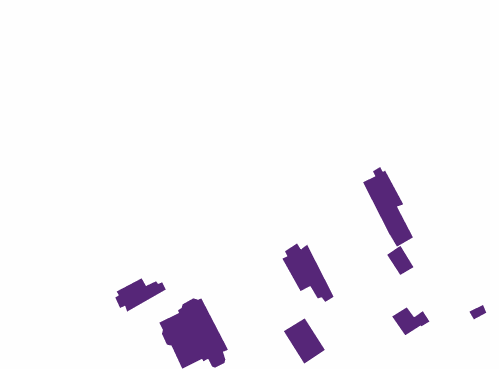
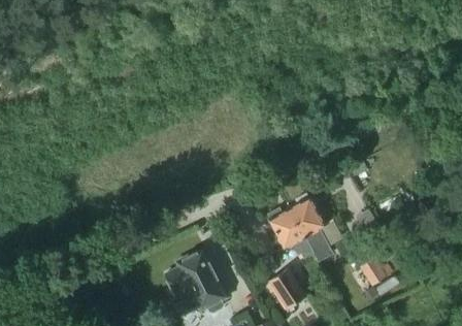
building: [362,166,414,247] -> [291,194,334,262]
building: [114,278,166,313] -> none

